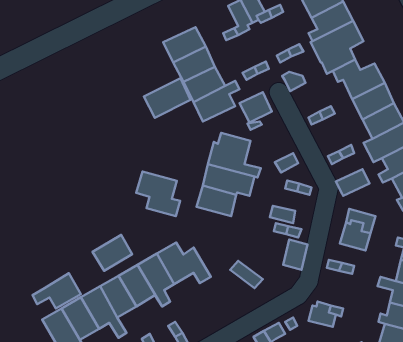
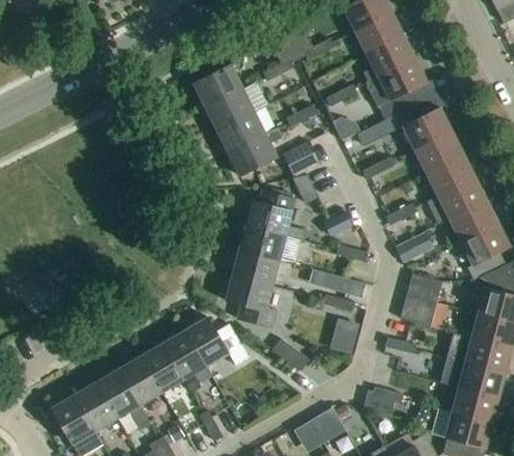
building: [144,78,191,118] -> none
building: [136,172,180,216] -> [225,275,276,327]
building: [92,235,132,271] -> none
building: [32,273,81,308] -> none

